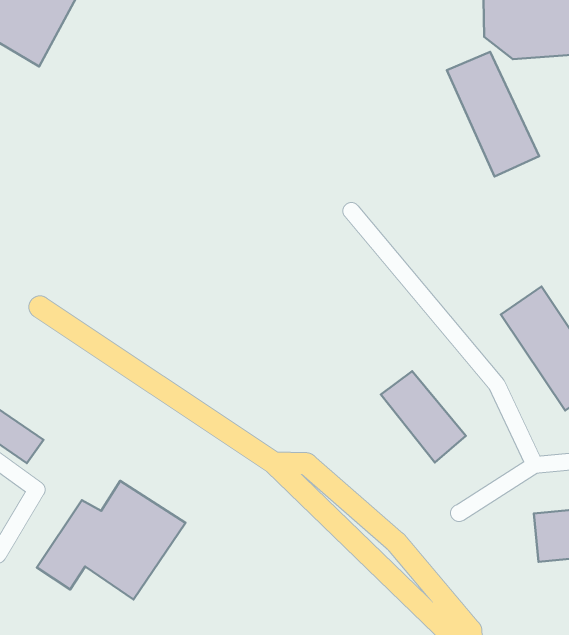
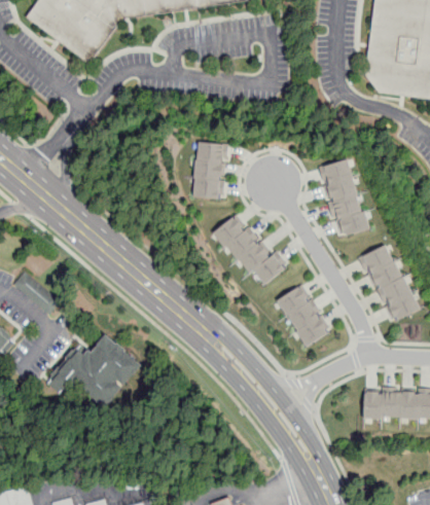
building: [447,52,539,176] -> [318,157,369,237]
building: none -> [191,140,226,199]
building: none -> [212,215,285,283]

